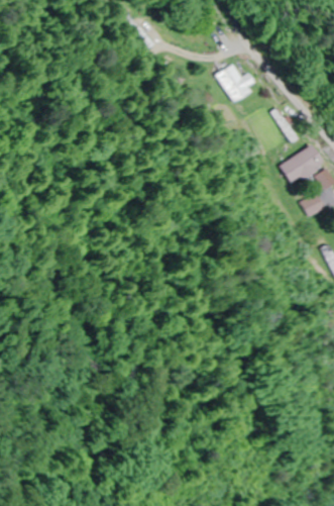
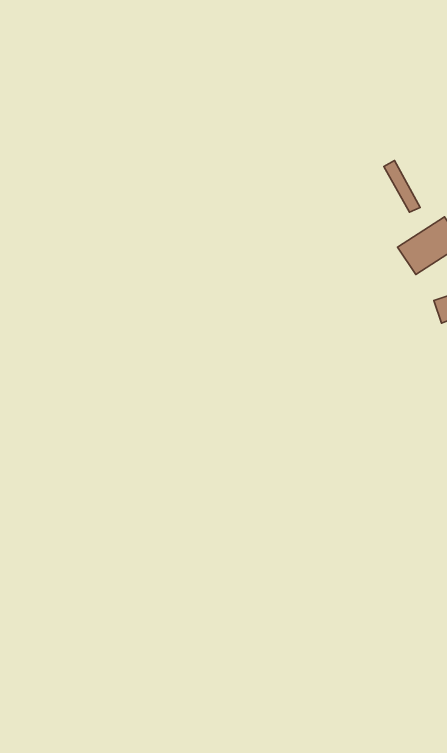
building: [217,66,253,102] -> none

